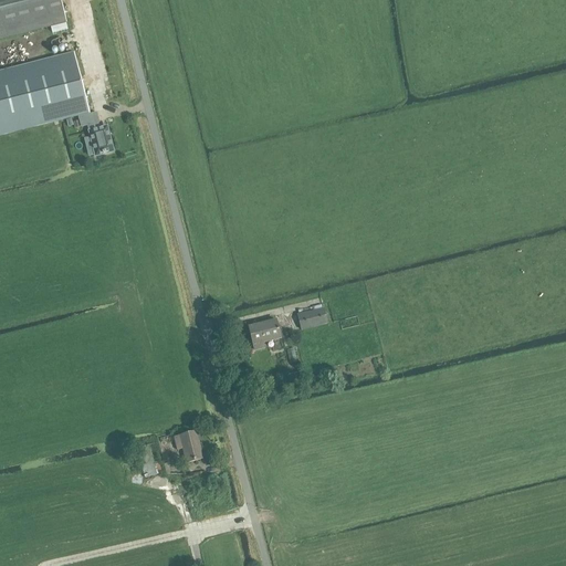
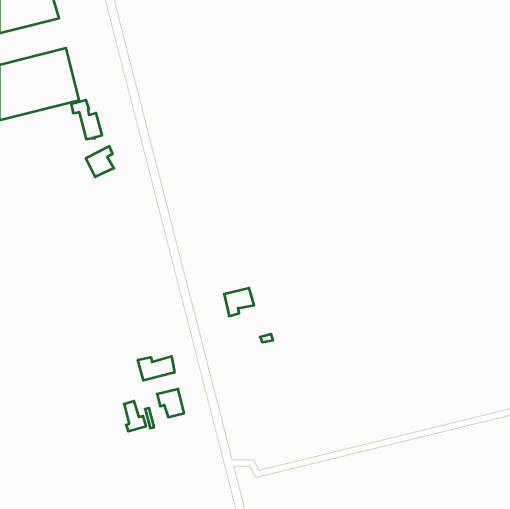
building: none -> [86,146,114,177]
building: [297,303,327,327] -> none
building: none -> [138,356,174,380]

